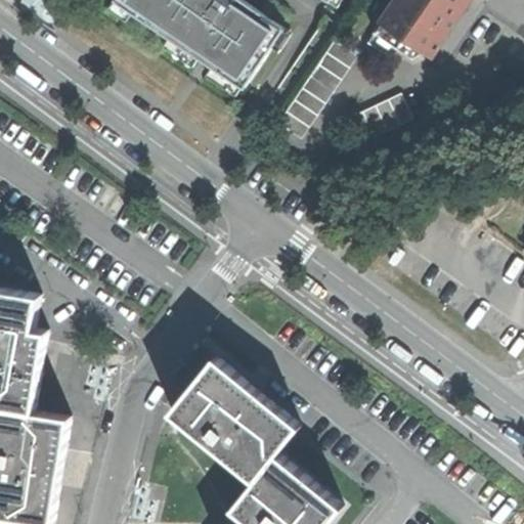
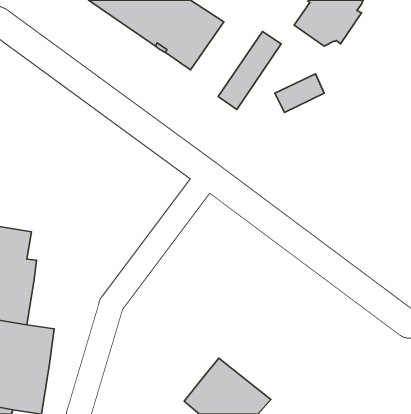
building: [169,355,298,480] -> none

